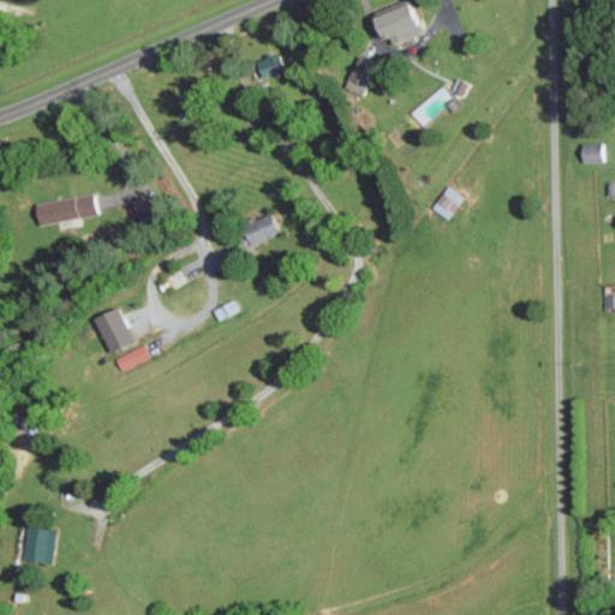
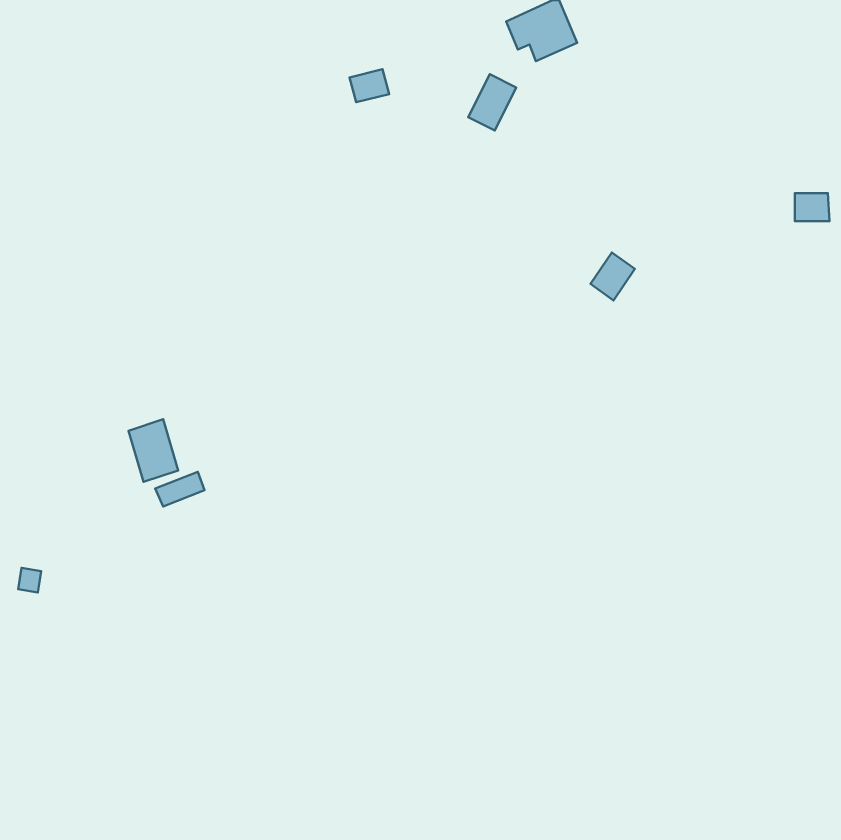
building: [35,196,97,226] -> none
building: [239,211,279,247] -> none
building: [23,527,56,565] -> none

